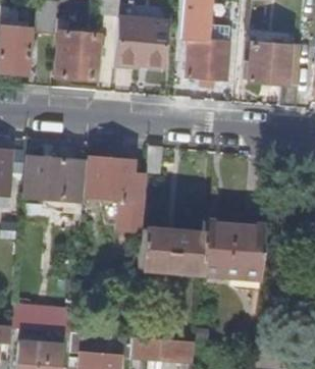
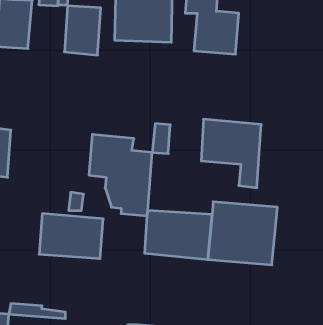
building: [244,42,301,107] -> [201,119,261,188]
building: [25,157,87,200] -> [39,214,103,259]

